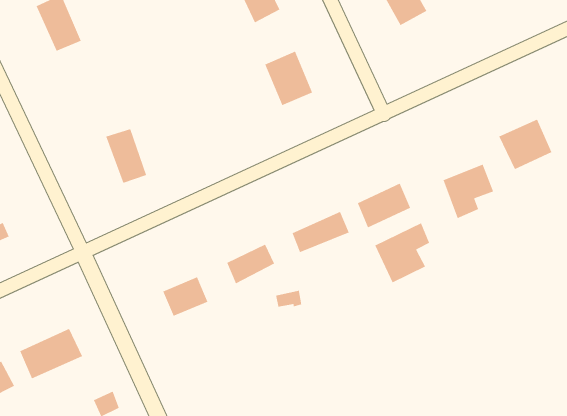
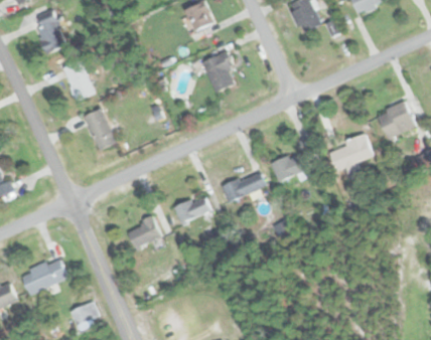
building: none -> [63,59,92,95]
building: [374,222,430,283] -> none

